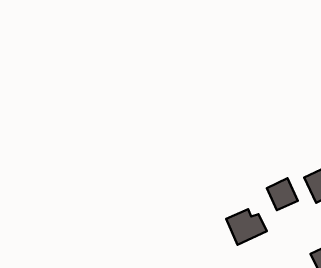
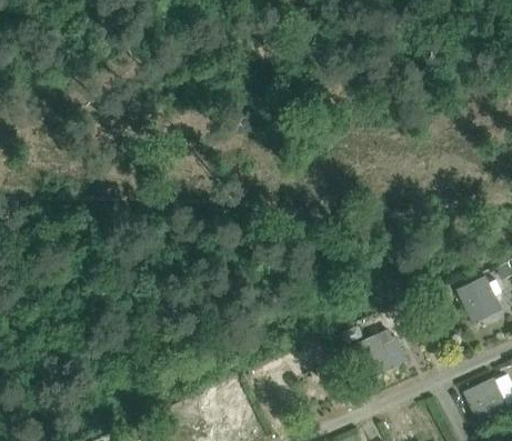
building: [267,178,298,210] -> none

